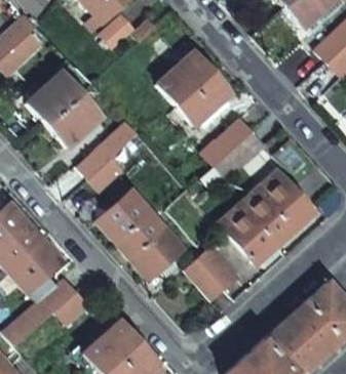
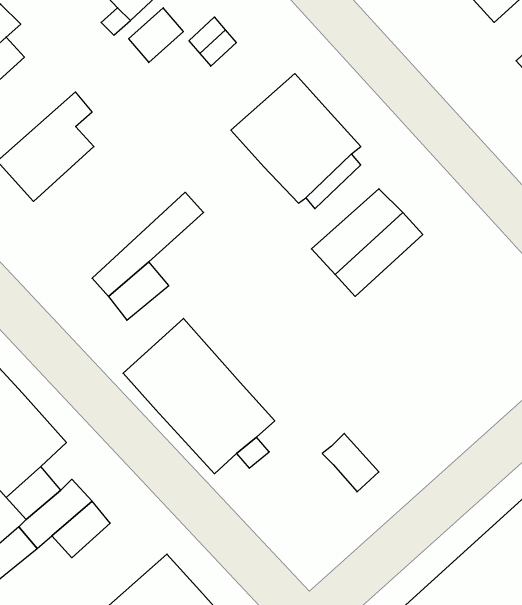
building: [45,93,100,147] -> none
building: [225,175,315,263] -> none
building: [186,251,227,299] -> none

